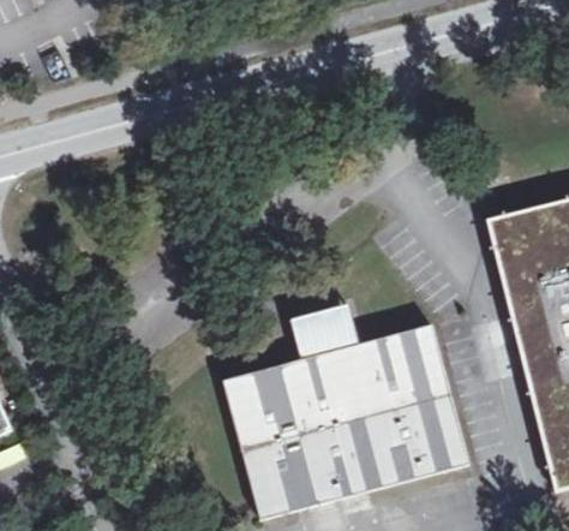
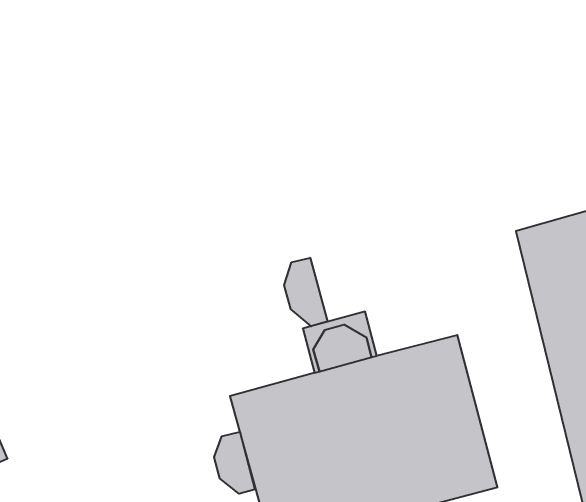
building: none -> [284,258,327,326]
building: none -> [214,432,255,494]

